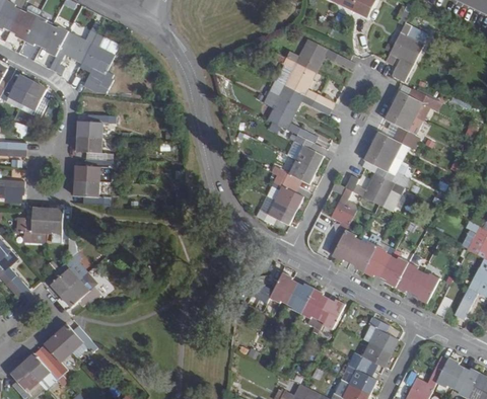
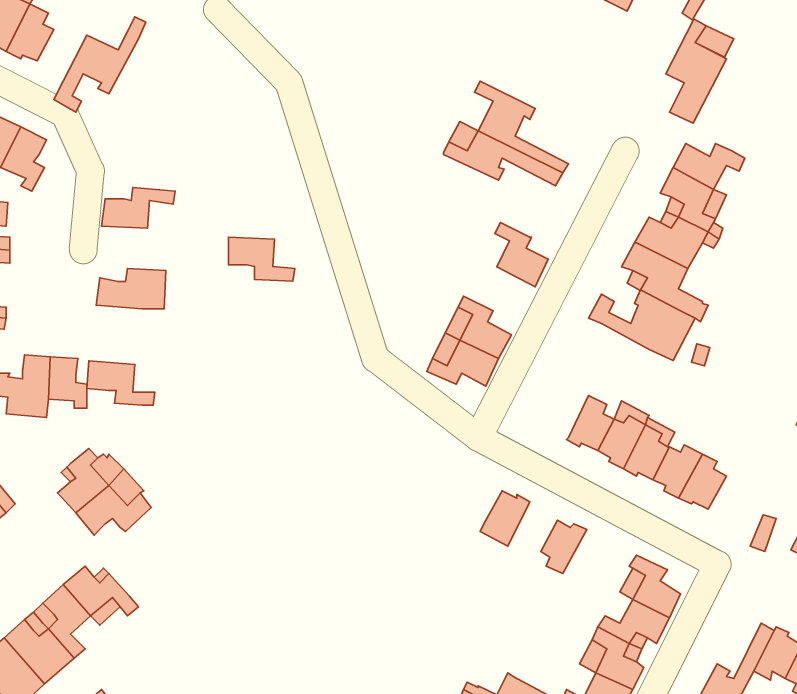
building: [41,27,68,57] -> none
building: [80,33,119,93] -> none
building: [285,38,354,72] -> none
building: [262,96,317,143] -> none
building: [76,137,113,161] -> [229,237,295,281]
building: [276,159,316,183] -> none
building: [72,180,110,205] -> [87,361,155,405]
building: [327,187,358,253] -> none
building: [411,272,438,302] -> none
building: [270,273,297,303] -> none
building: [300,289,328,318] -> none

